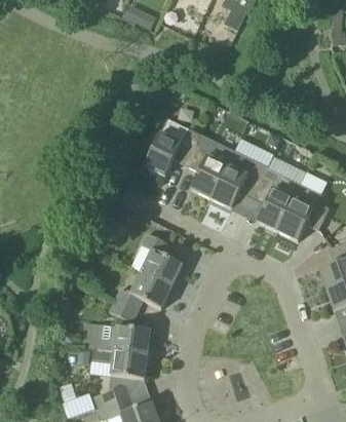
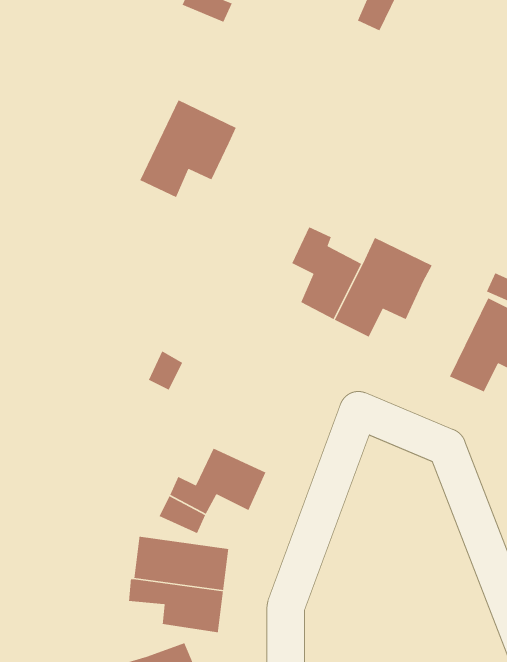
building: [145,117,201,175] -> [139,99,237,198]
building: [254,174,301,230] -> none
building: [142,232,184,285] -> none

